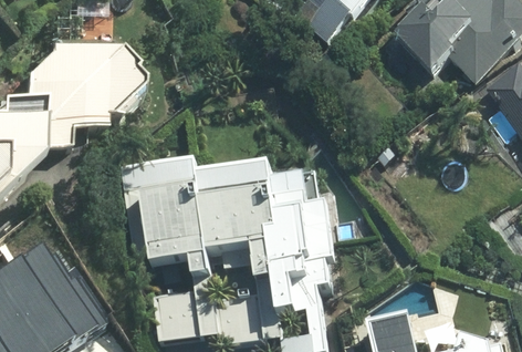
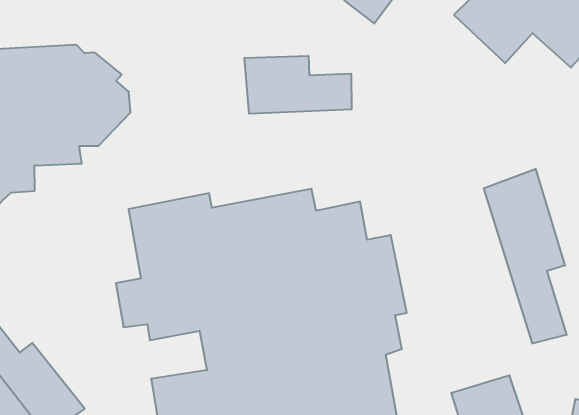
building: none -> [245,56,352,114]
building: none -> [484,169,567,344]

